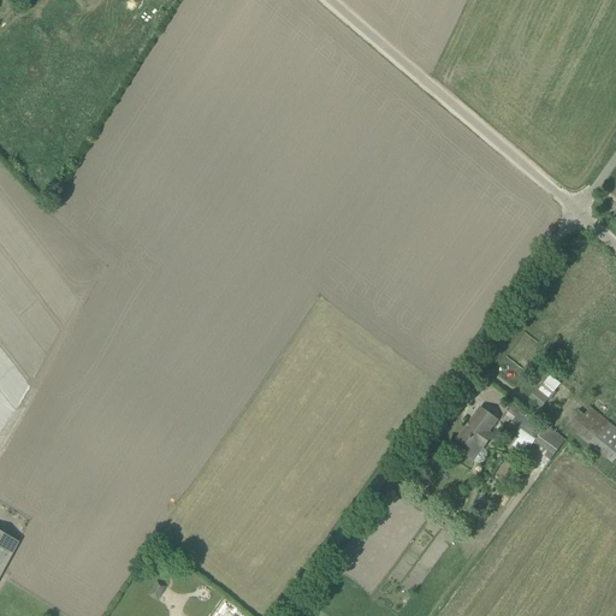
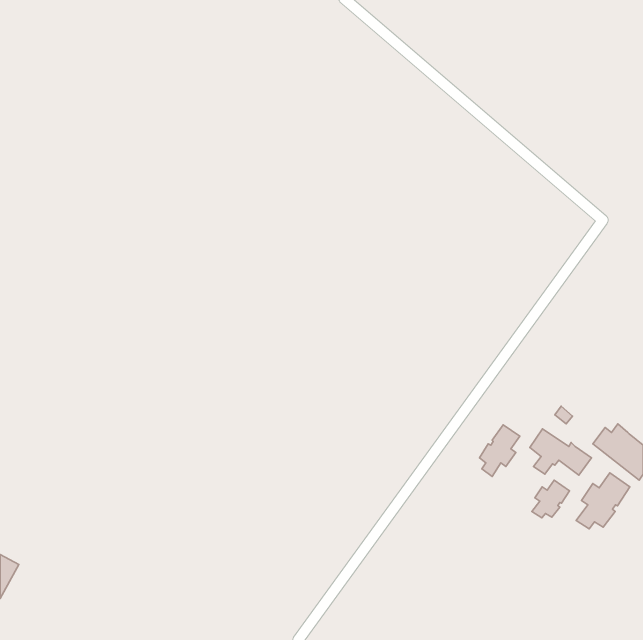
building: none -> [576,473,630,529]
building: none -> [532,480,569,518]

